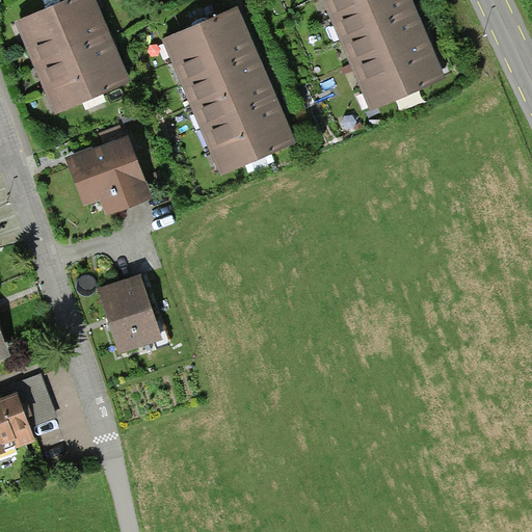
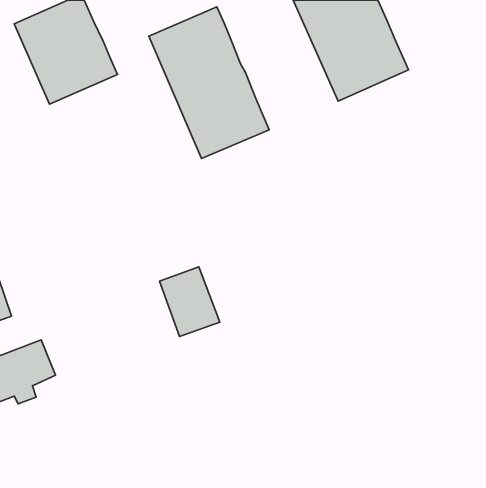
building: [65,136,153,217] -> none
building: [100,266,165,342] -> [160,267,220,337]

